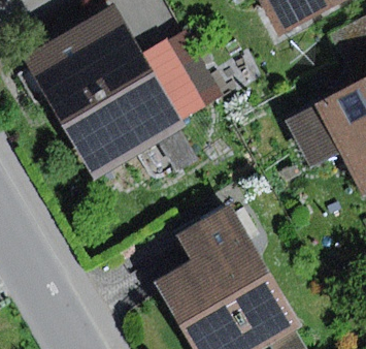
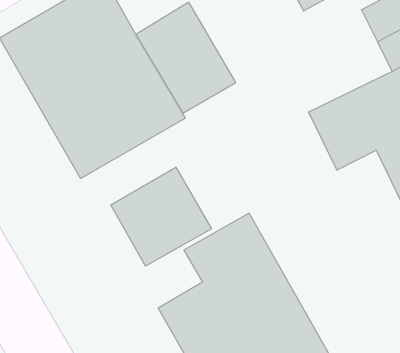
building: none -> [111,167,211,266]

